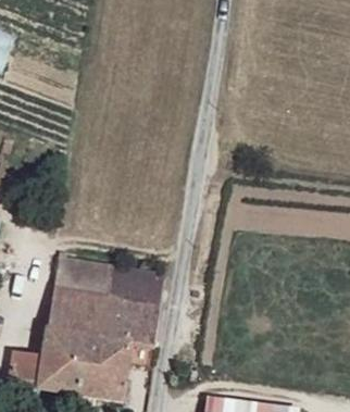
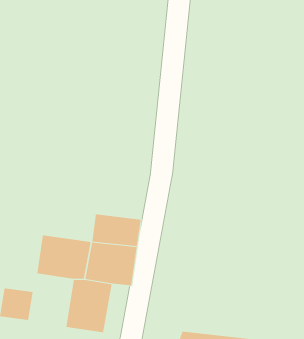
building: [53,249,113,297] -> none
building: [38,333,88,394] -> none

